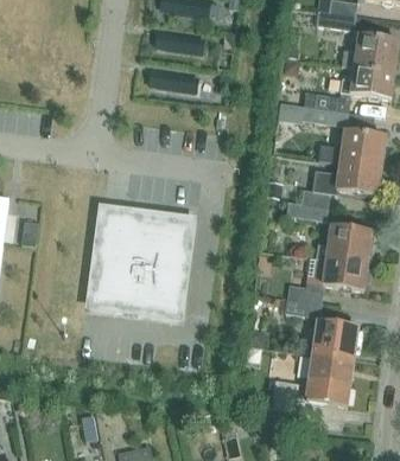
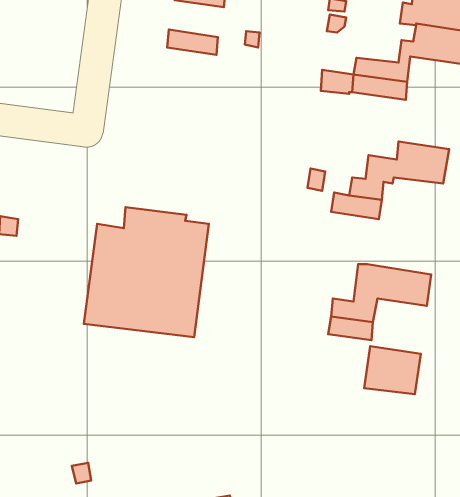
building: [319,133,385,166] -> none
building: [316,226,372,265] -> none
building: [273,356,354,412] -> none

